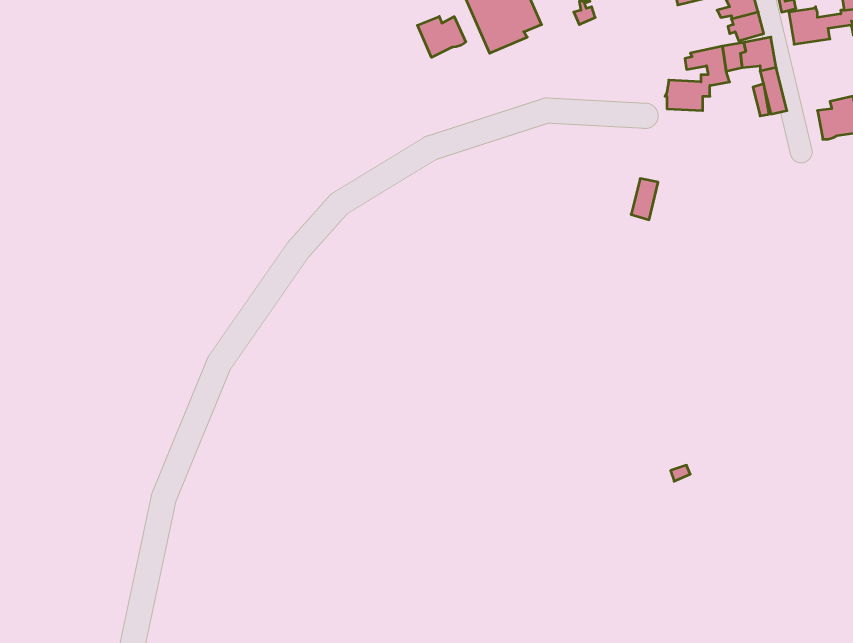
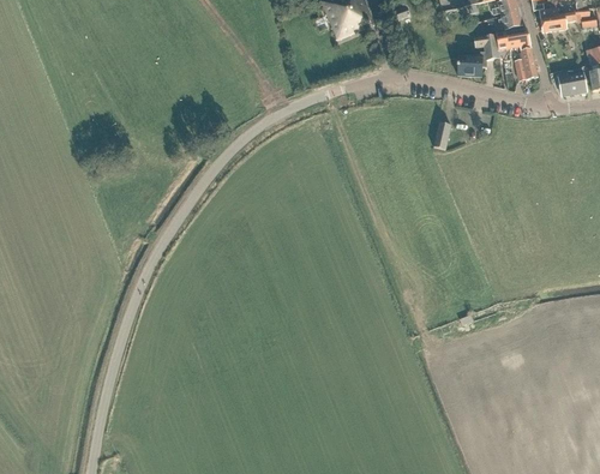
building: [417,16,466,57] -> none

